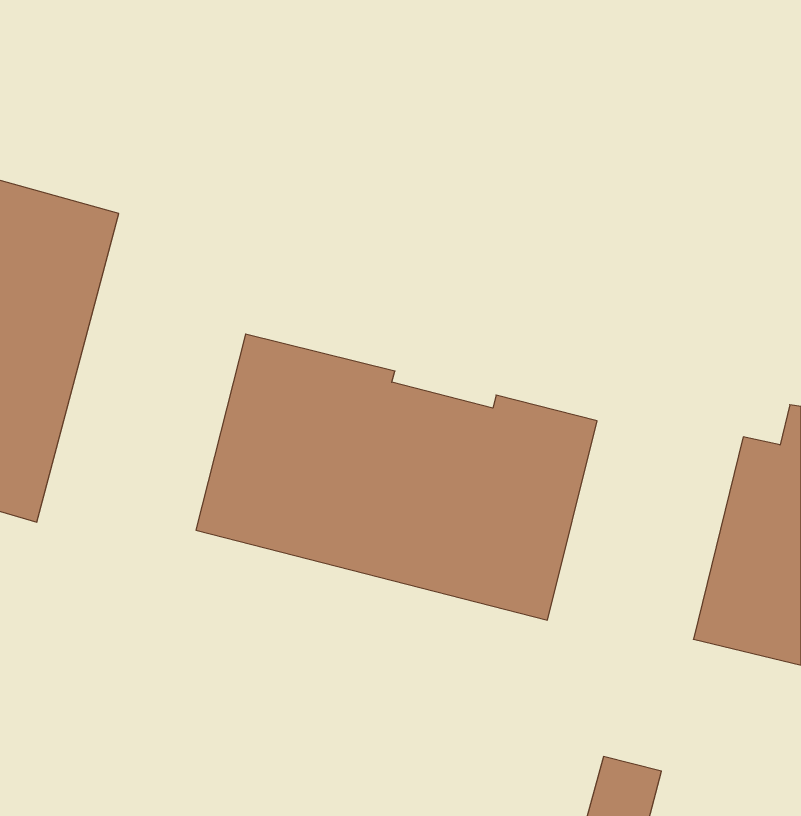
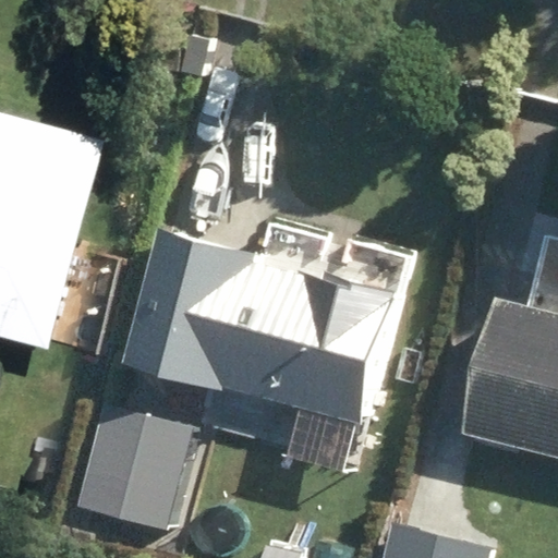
building: none -> [80,404,197,533]

